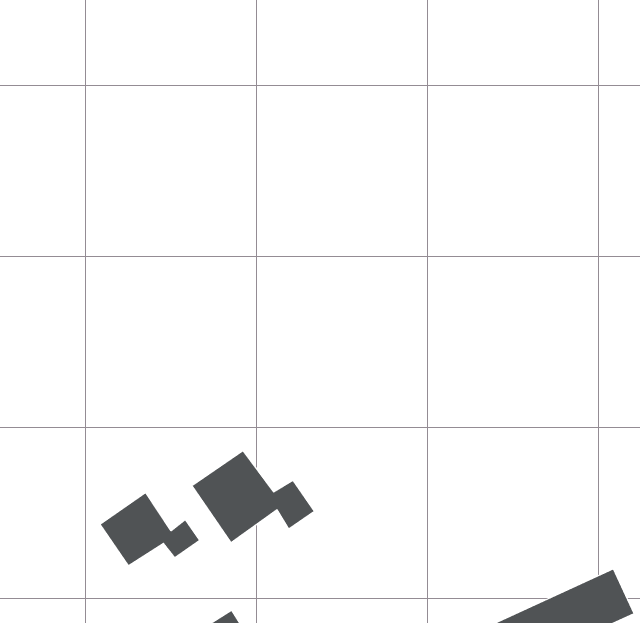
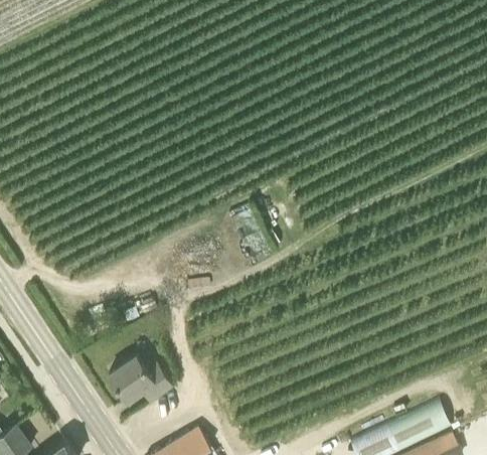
building: [192,450,314,543] -> none

